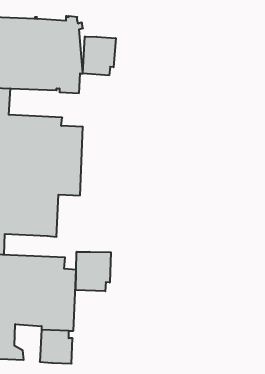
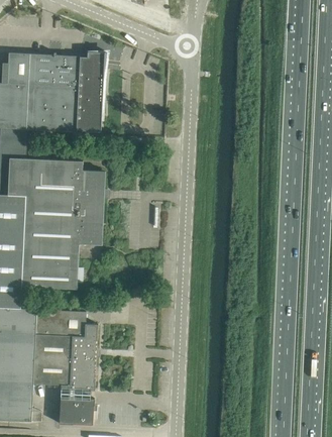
building: [83,36,116,75] -> none
building: [76,252,111,291] -> none

